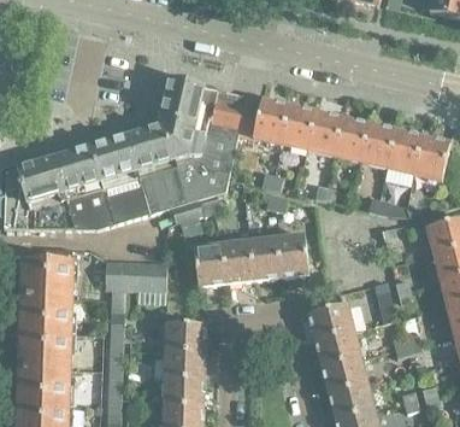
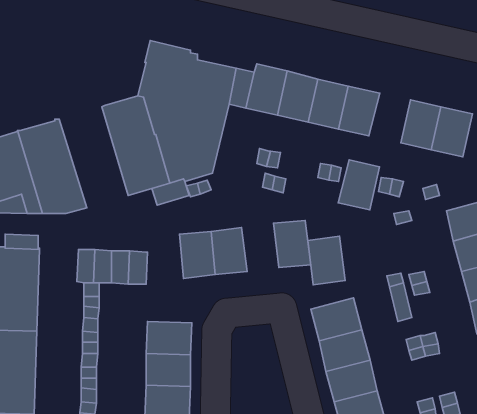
building: [359,123,395,166] -> [338,160,380,210]
building: [89,135,149,223] -> none
building: [248,236,281,279] -> [308,236,345,285]

